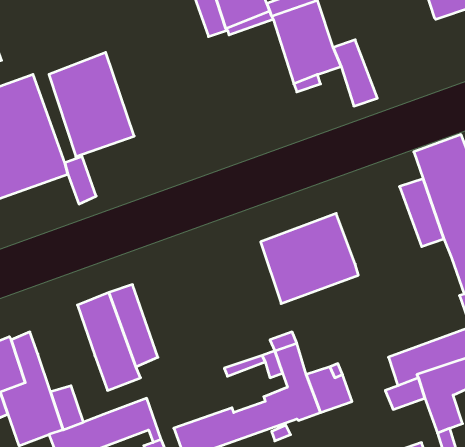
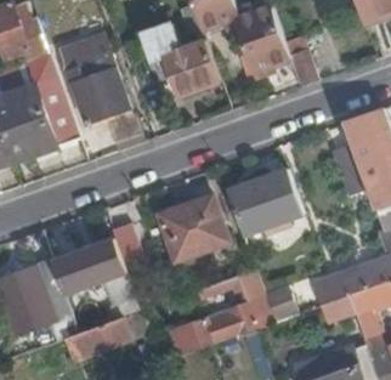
building: none -> [142,25,221,97]
building: none -> [160,197,227,260]
building: none -> [50,239,100,291]

